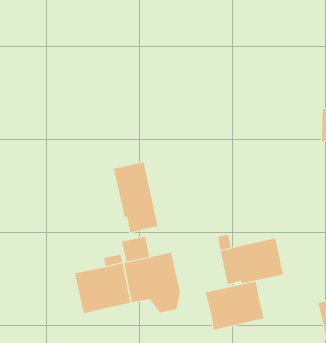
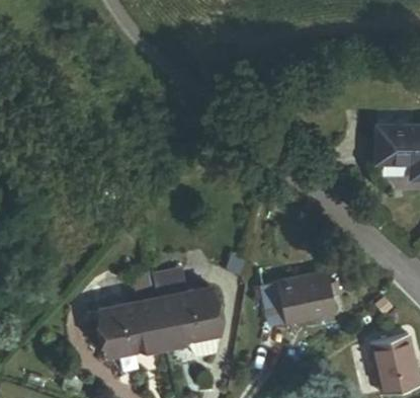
building: [113,161,158,233] -> none
building: [205,281,264,331] -> none

